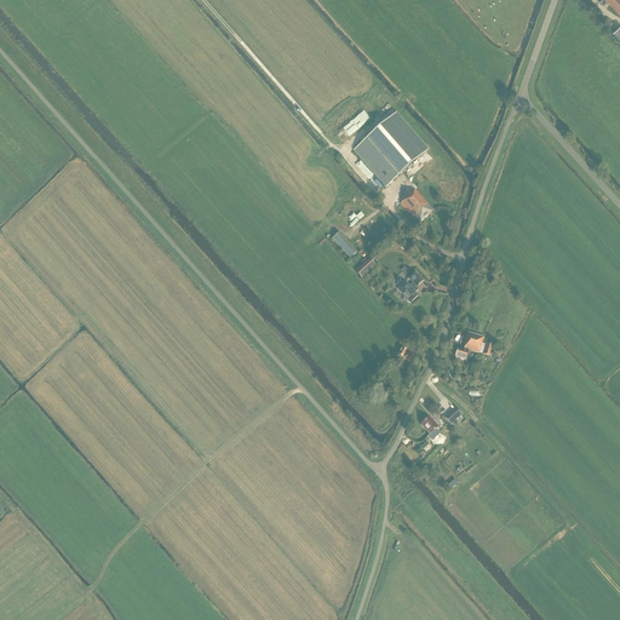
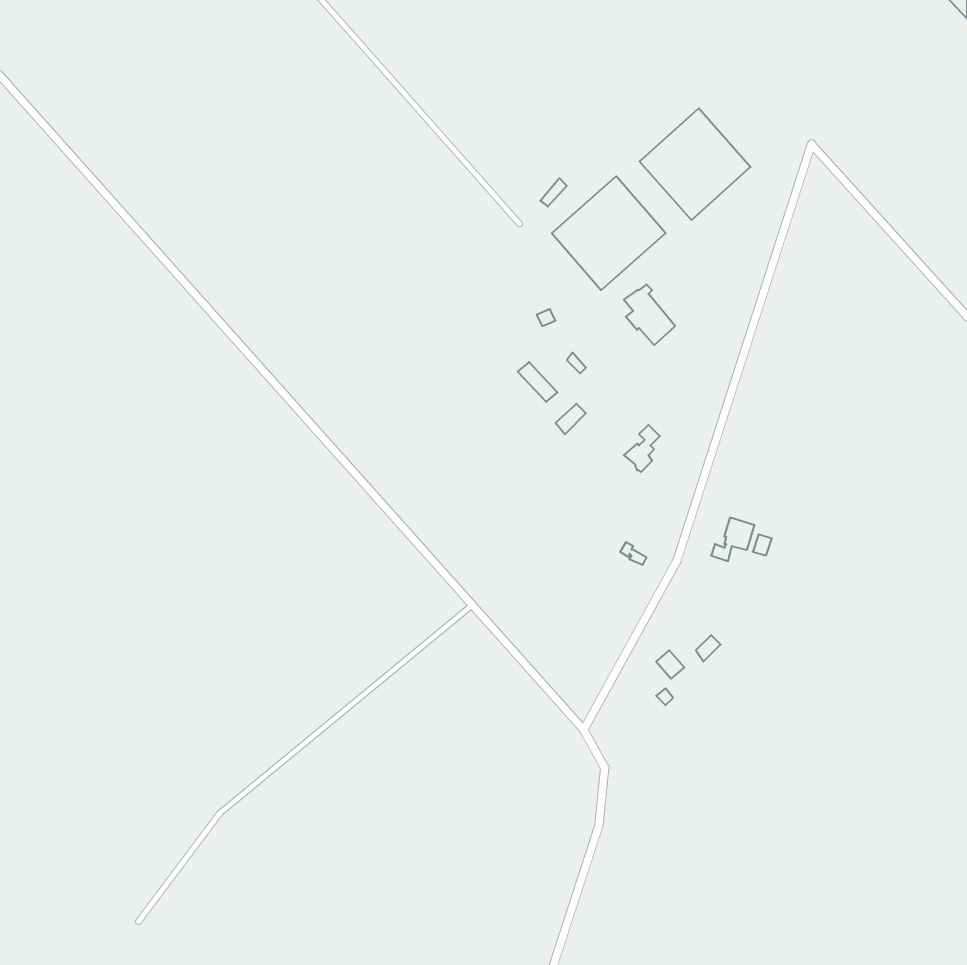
building: none -> [640,108,751,220]

